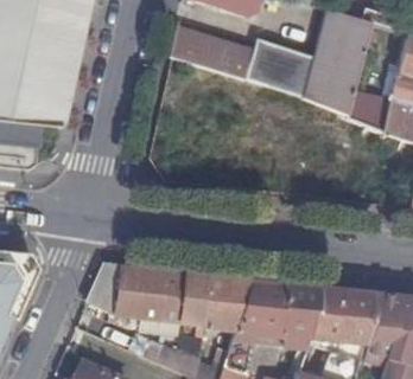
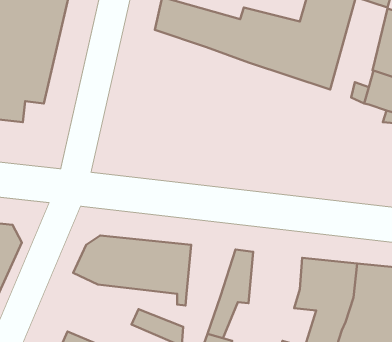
building: [203,275,253,327] -> none
building: [266,282,320,339] -> none

